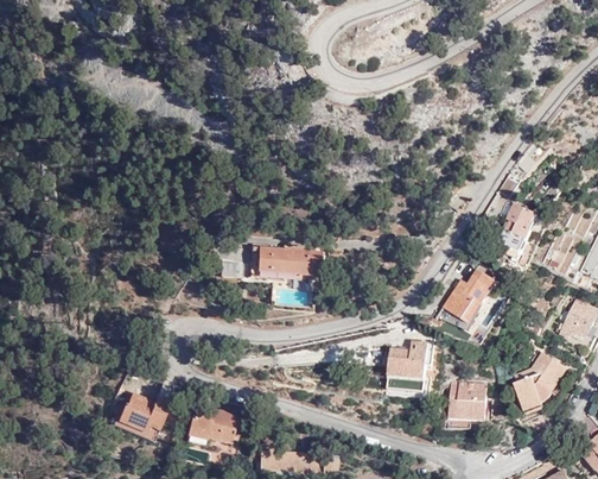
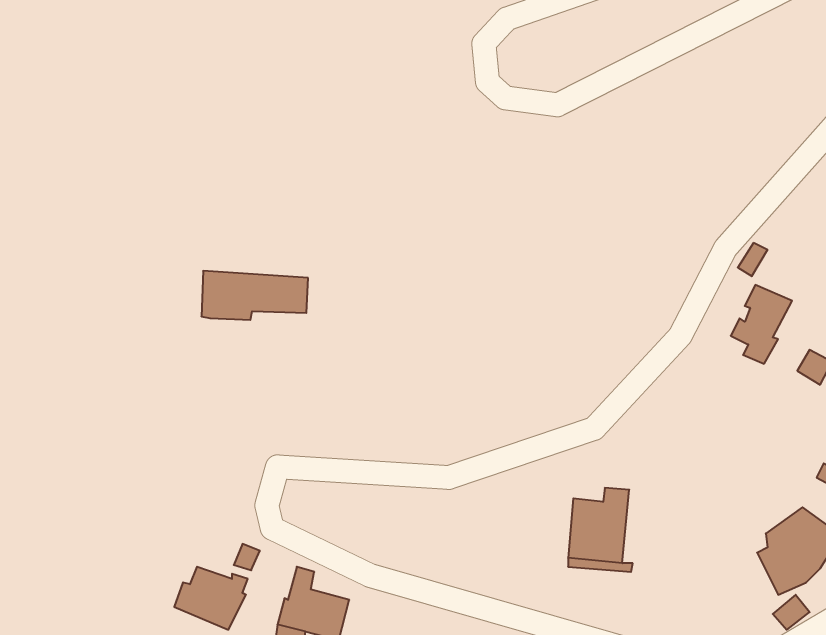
building: [249,245,322,278] -> [201,271,308,320]
building: [444,269,496,322] -> none
building: [448,382,485,418] -> none

